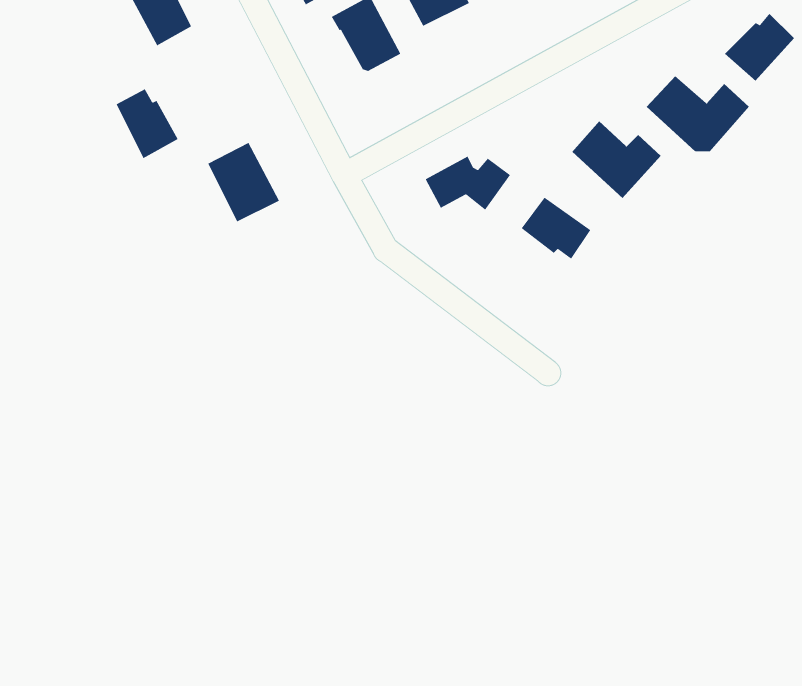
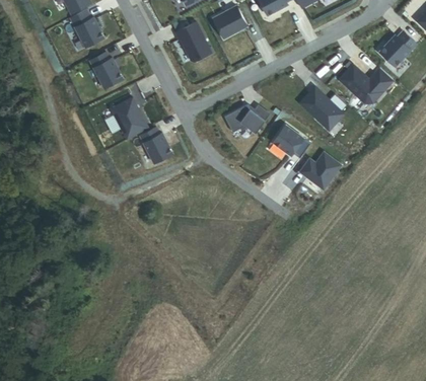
building: [116,88,178,159] -> [90,52,123,88]
building: none -> [140,127,172,163]
building: none -> [300,152,342,189]

